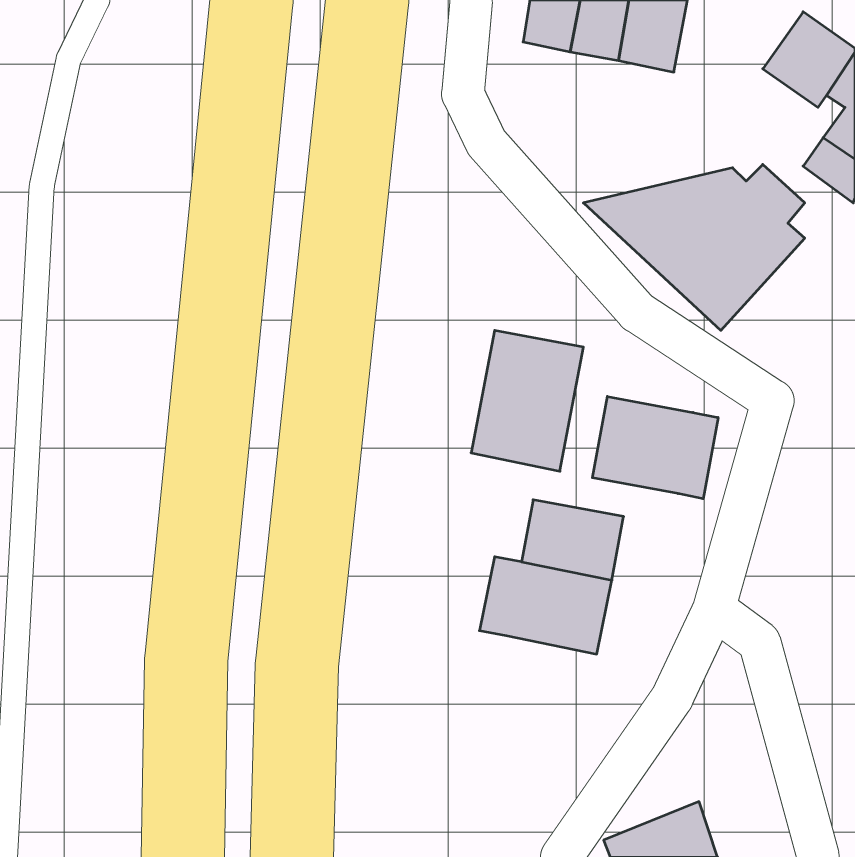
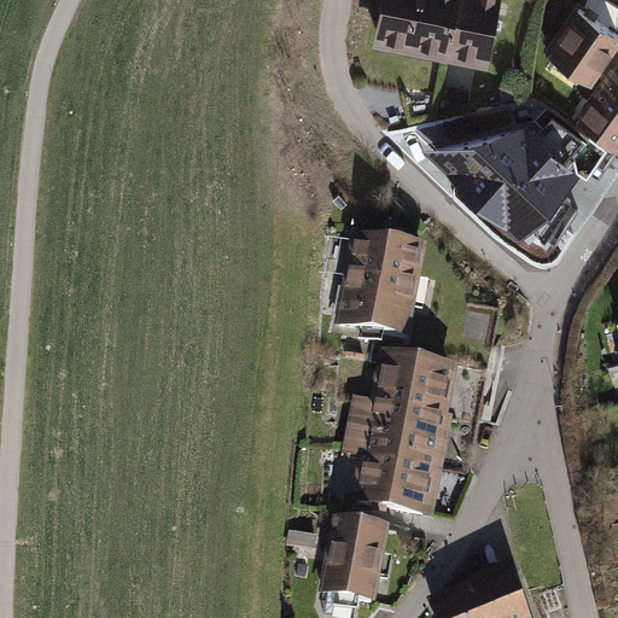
building: [592,396,718,499] -> none
building: none -> [356,457,430,514]
building: none -> [323,524,384,602]

